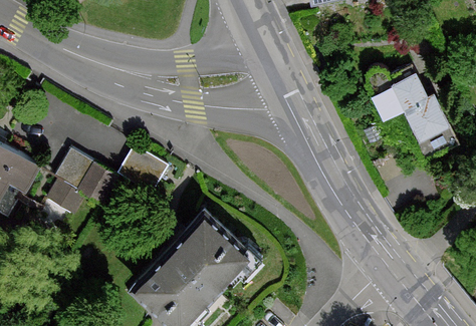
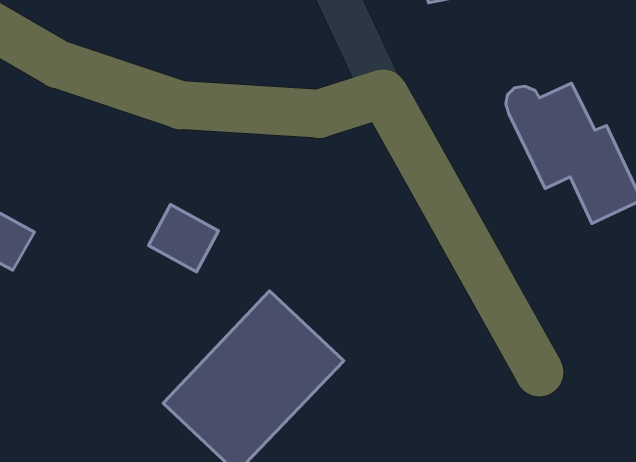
building: [47,150,117,215] -> none

